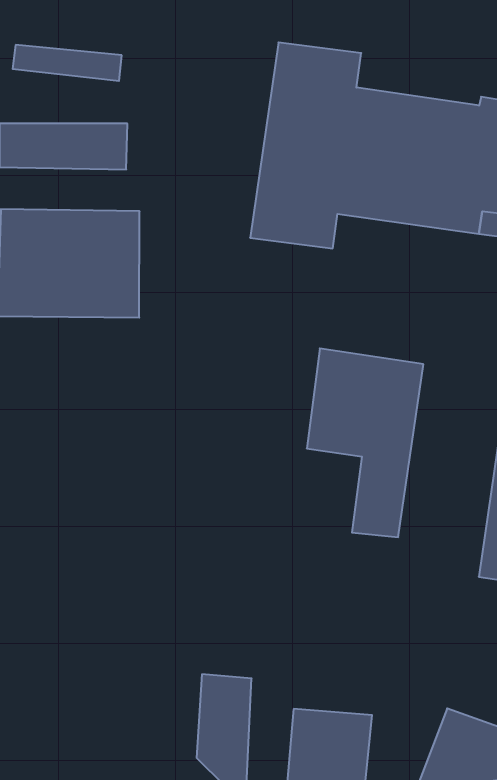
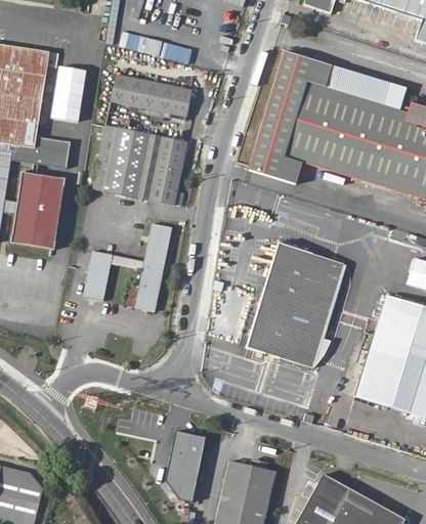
building: none -> [327,67,406,110]
building: none -> [84,225,172,314]
building: none -> [248,301,295,356]

